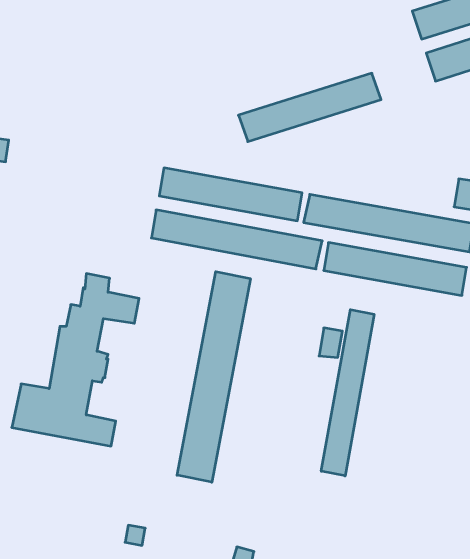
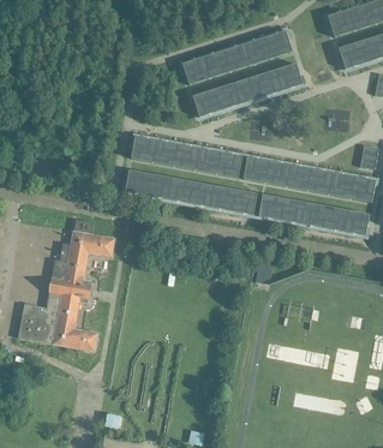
building: none -> [181,30,292,84]
building: [177,272,250,482] -> none
building: [321,310,374,476] -> none

